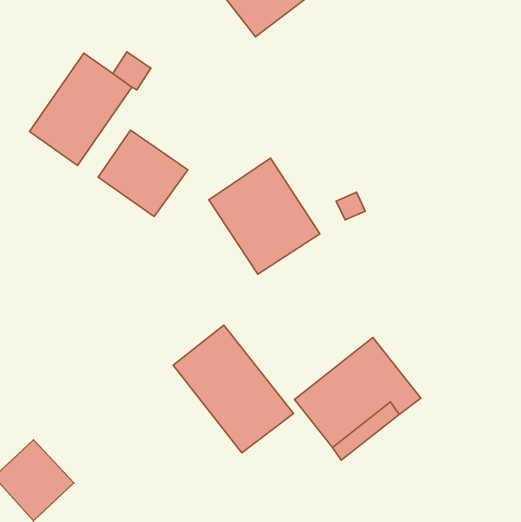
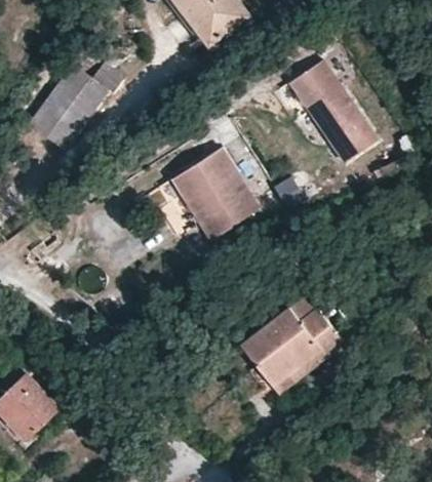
building: none -> [287,59,377,161]
building: [98,130,188,217] -> none
building: [173,325,294,453] -> none

